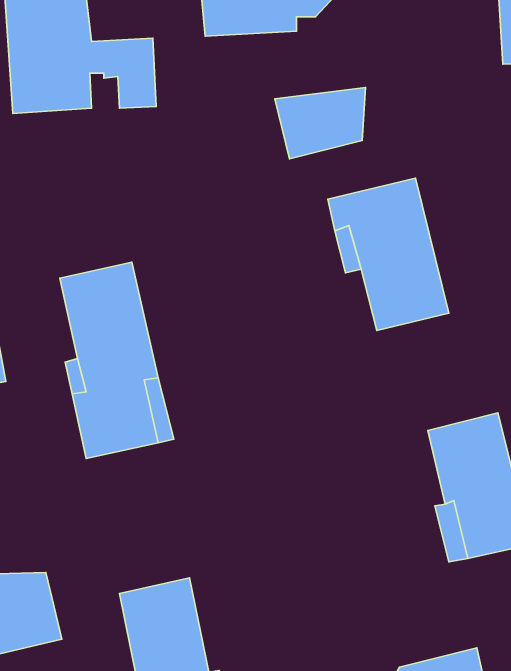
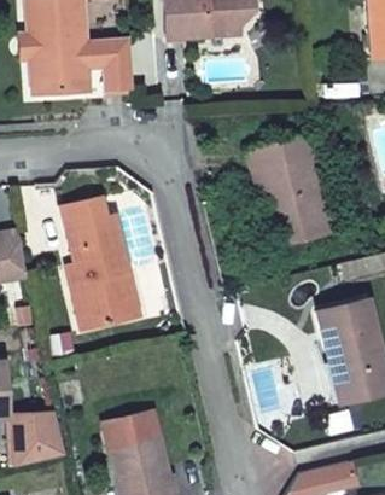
building: [275,88,365,159] -> none

